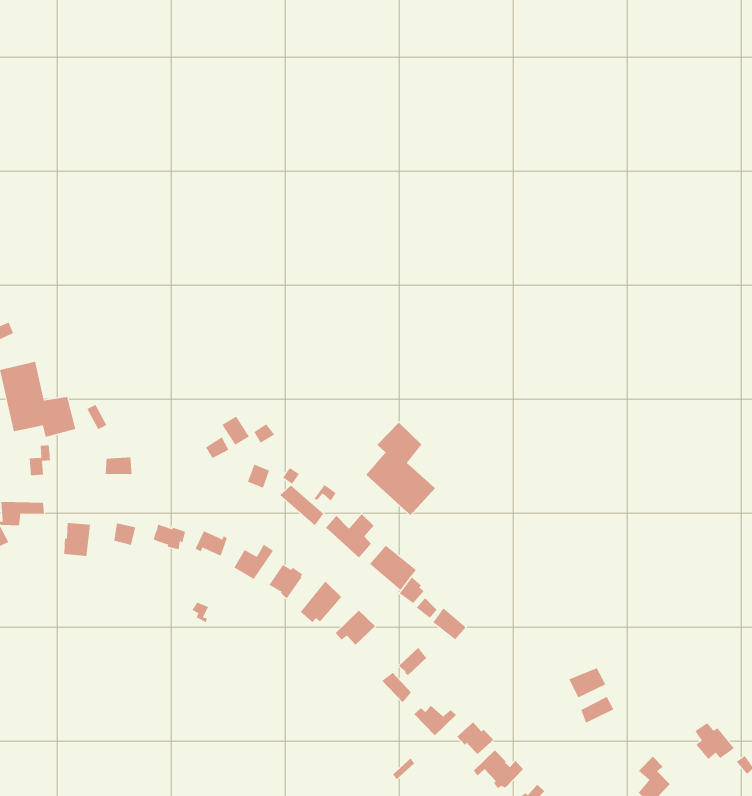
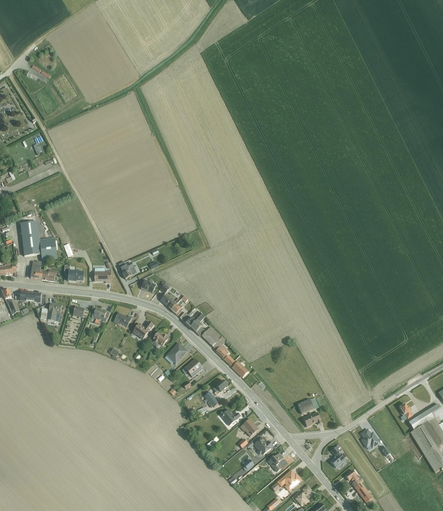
building: [365,422,436,516] -> none

